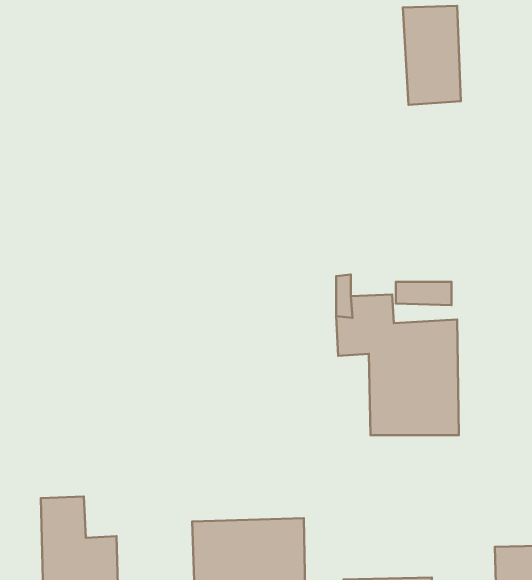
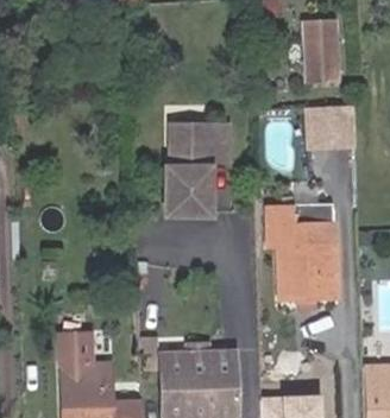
building: none -> [317,114,354,145]
building: none -> [168,121,238,211]

